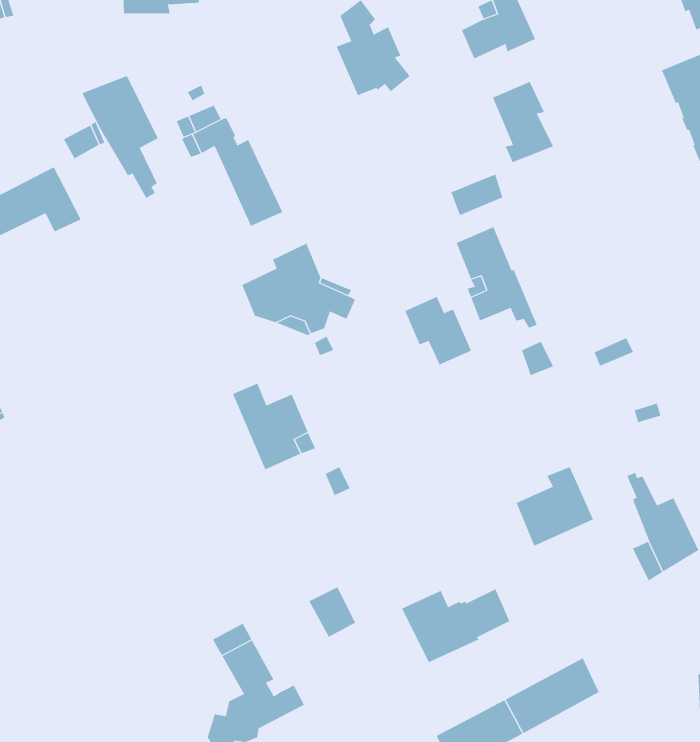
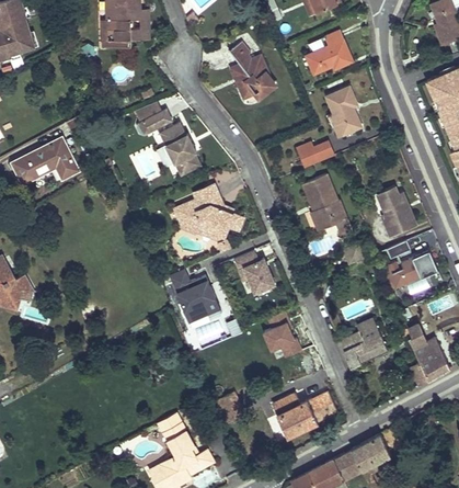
building: [81,75,159,199] -> none
building: none -> [377,185,413,236]
building: [405,296,472,365] -> [234,251,275,293]
building: none -> [383,251,437,290]
building: none -> [264,310,302,356]

